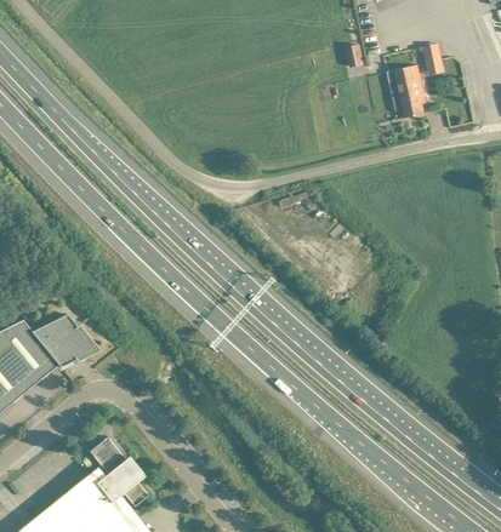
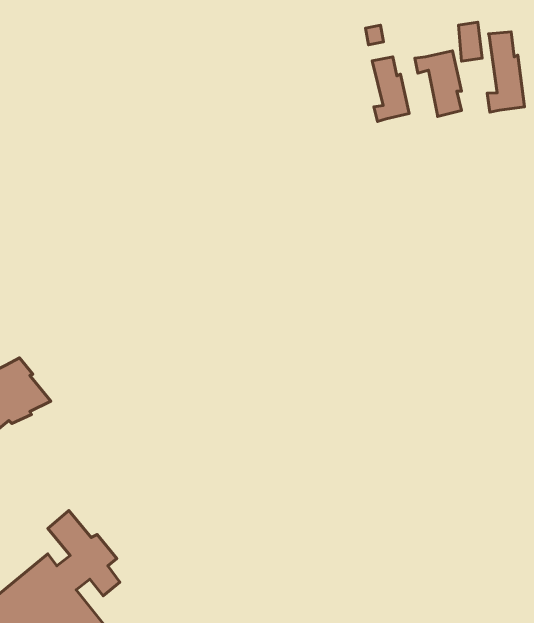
building: none -> [487,32,524,112]
building: none -> [372,57,409,121]

